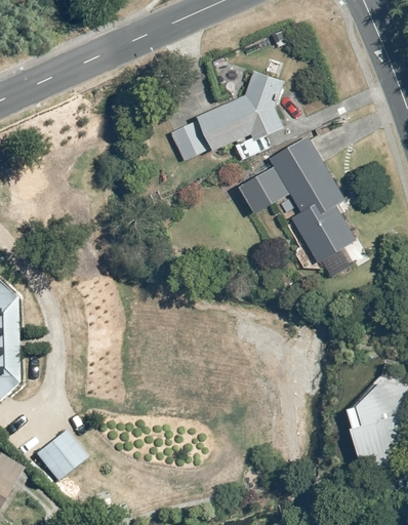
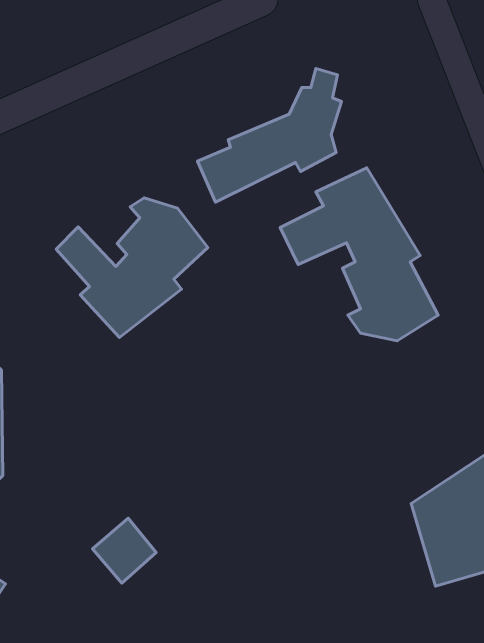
building: none -> [56,198,208,338]
building: [33,429,84,481] -> [92,518,156,583]

